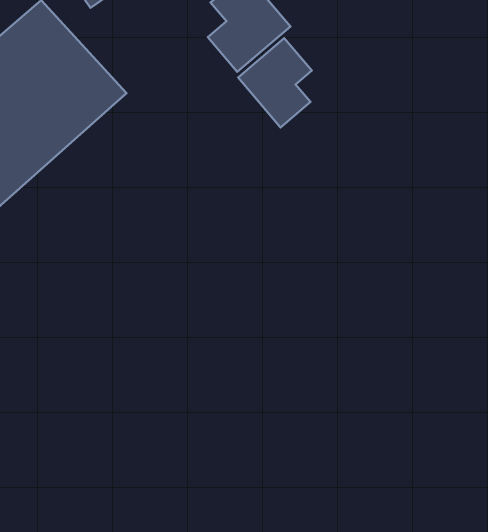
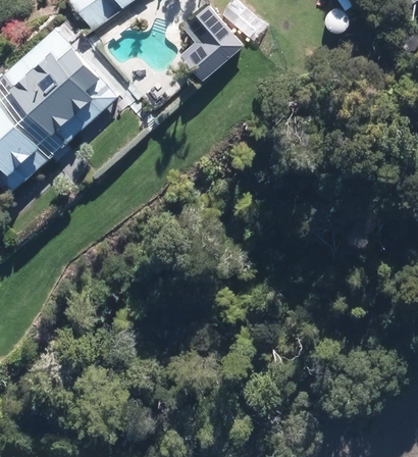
building: [238,38,312,127] -> none

